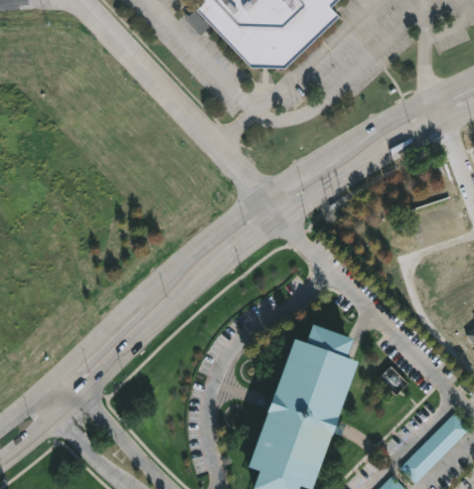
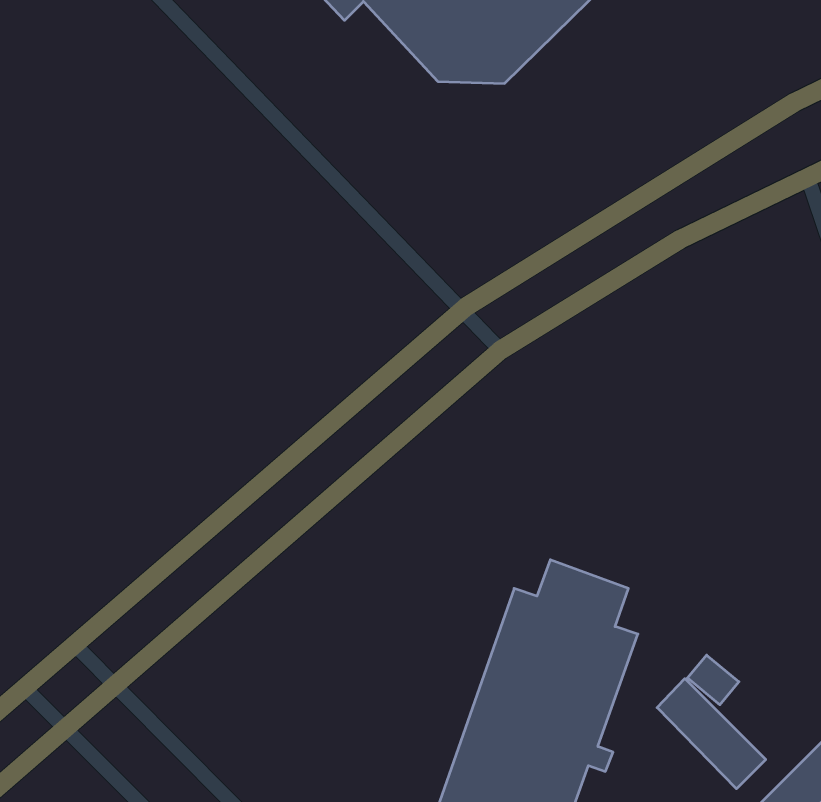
building: none -> [657,679,766,789]

